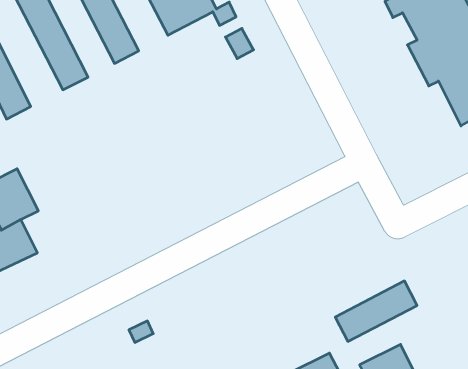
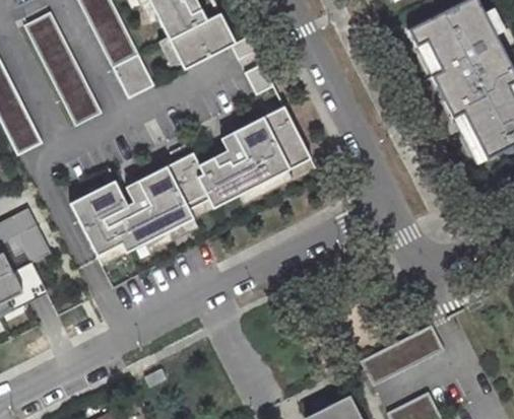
building: none -> [69,104,310,256]

